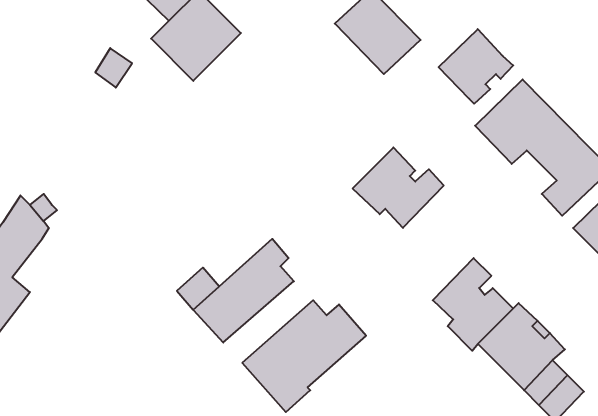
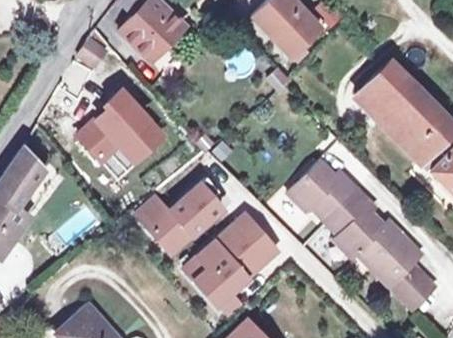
building: [439,29,513,104] -> none
building: none -> [80,93,172,172]
building: [353,147,444,228] -> [288,162,355,221]

